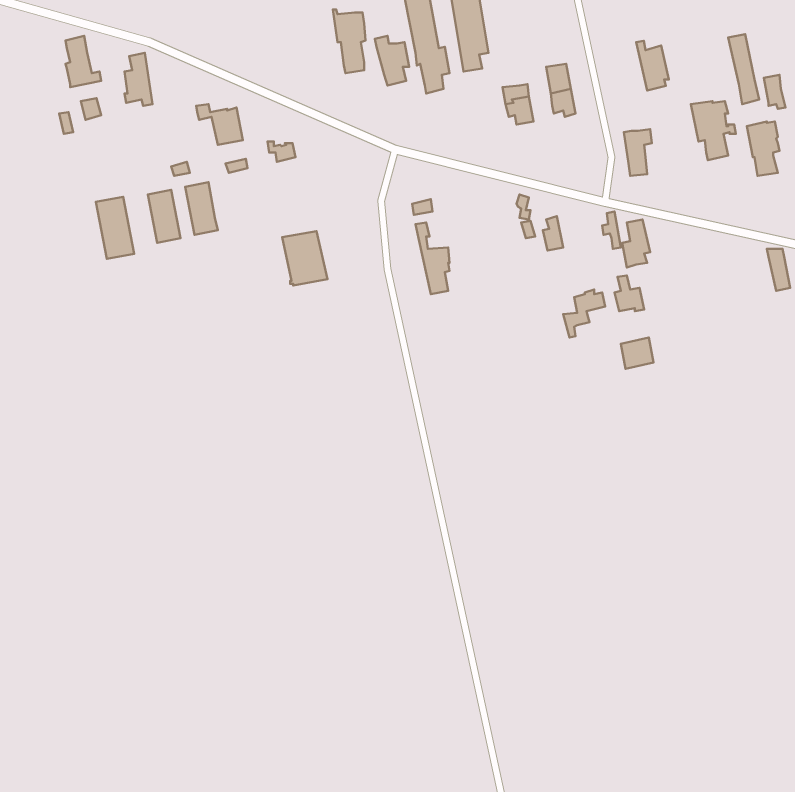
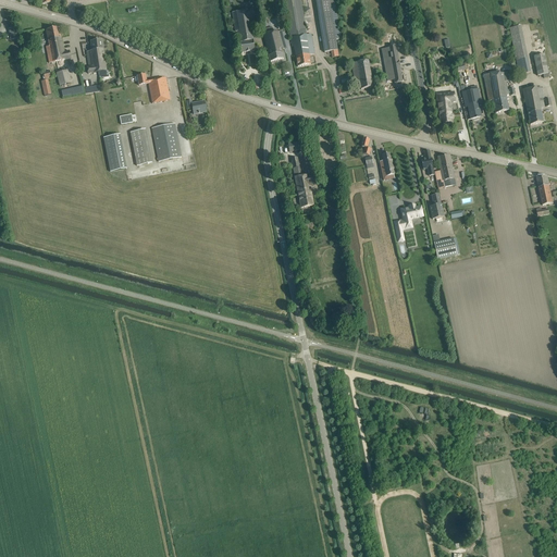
building: [636,41,669,90] -> [460,84,483,119]
building: [96,197,134,259] -> none
building: [282,231,327,286] -> [151,122,183,160]

